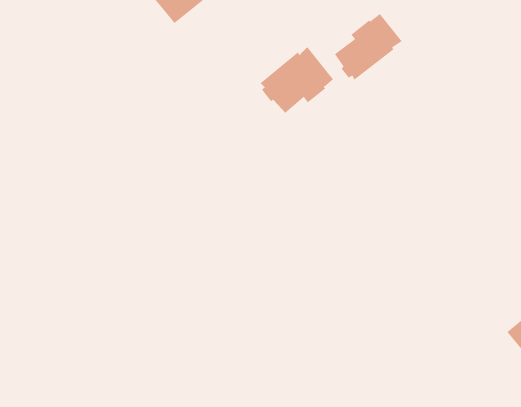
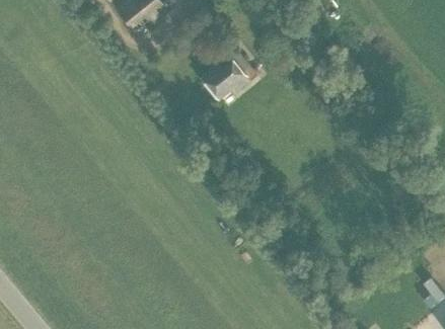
building: [334,13,402,81] -> none

